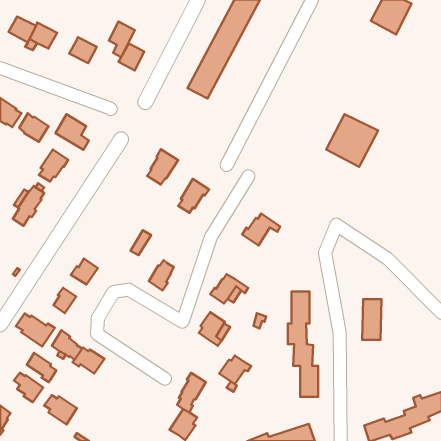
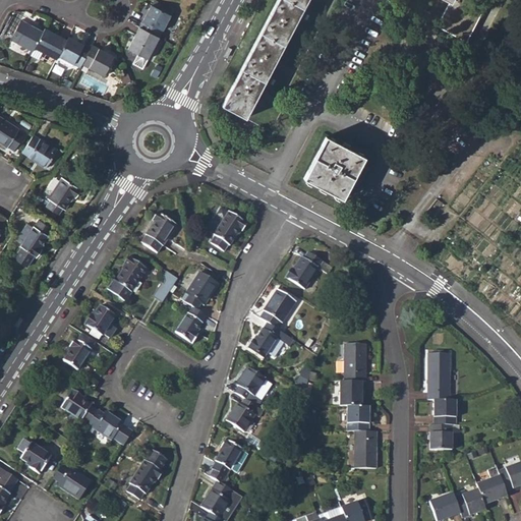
building: none -> [59,36,92,66]
building: [118,44,144,70] -> [140,4,171,36]
building: [55,114,89,150] -> none
building: [326,114,378,167] -> [304,135,365,197]
building: [147,149,178,185] -> [141,211,178,252]
building: none -> [111,256,147,301]
building: none -> [182,272,219,309]
building: none -> [260,289,296,329]
building: [16,314,55,347] -> none
building: none -> [429,400,455,450]
building: [27,353,56,382] -> none
building: [219,355,251,384] -> [226,398,264,431]
building: none -> [127,450,167,499]

